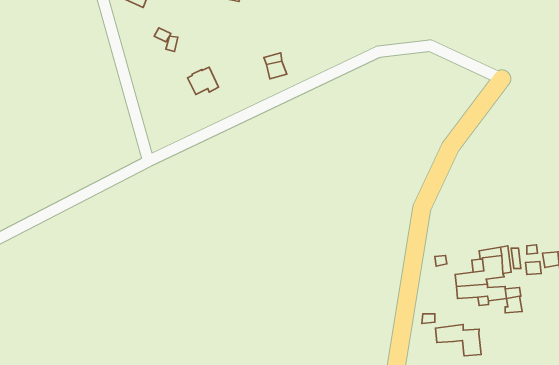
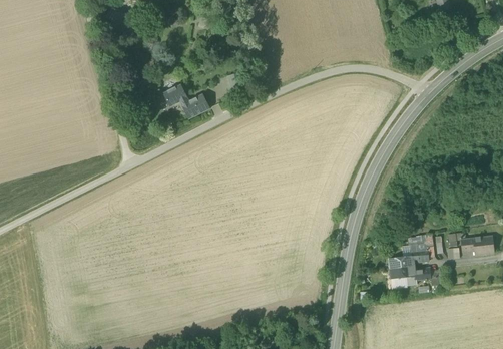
building: none -> [180,93,209,118]
building: [436,324,481,356] -> none

